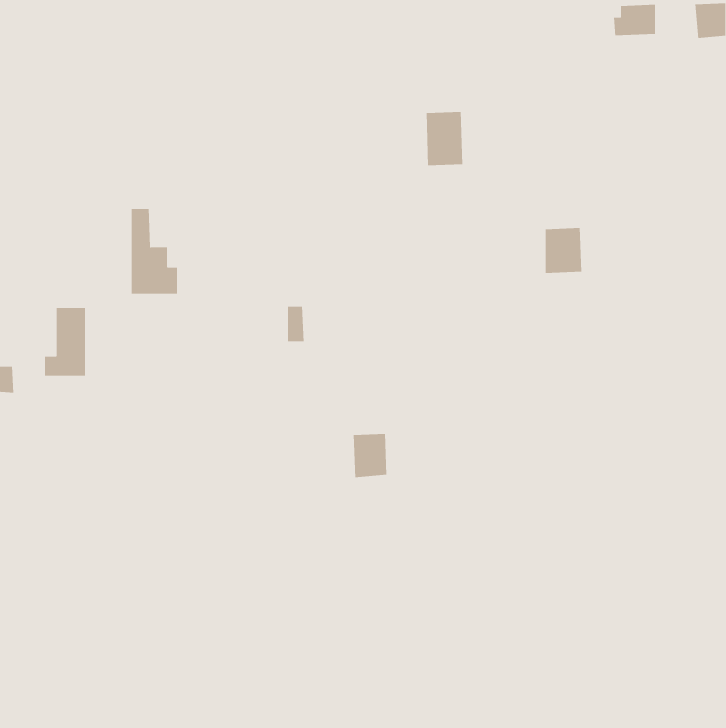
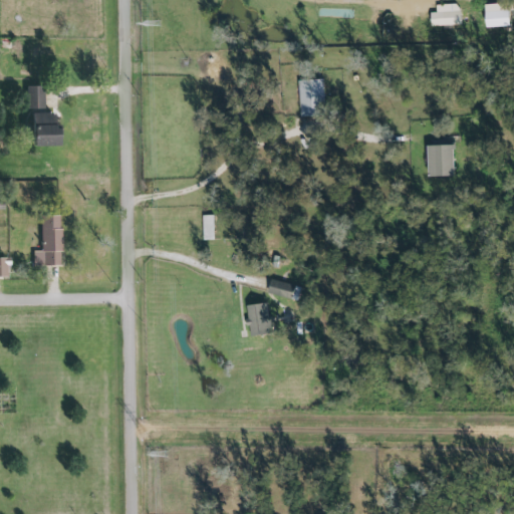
building: [131,208,178,294] -> [29,85,62,146]
building: [545,228,582,273] -> [431,145,457,177]
building: none -> [269,280,297,298]

